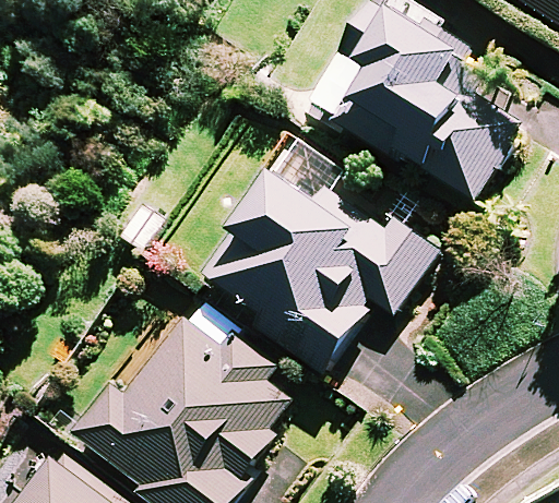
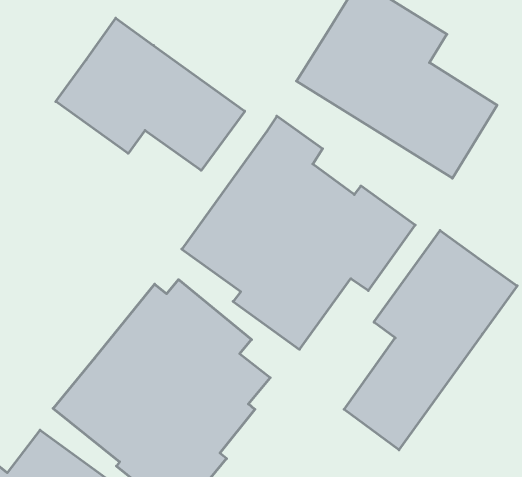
building: none -> [56,18,245,170]
building: none -> [344,230,517,450]

